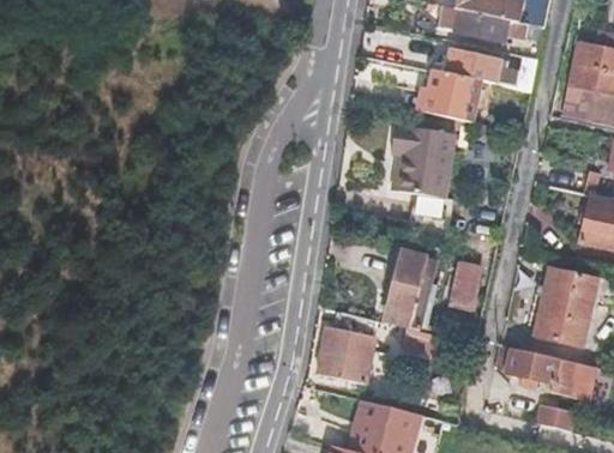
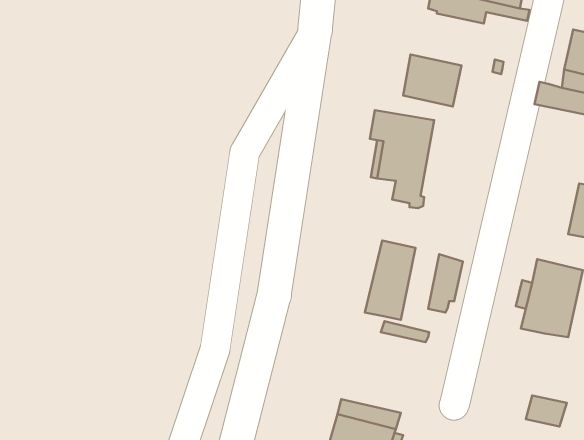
building: [429,49,500,84] -> none
building: [318,312,378,382] -> none
building: [507,349,579,386] -> none

